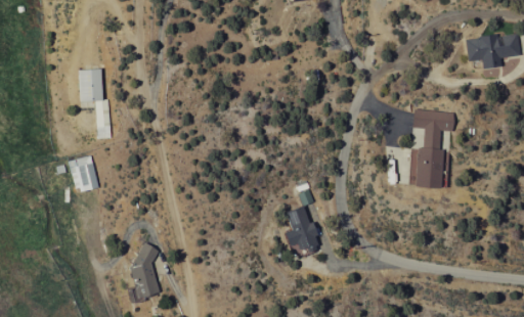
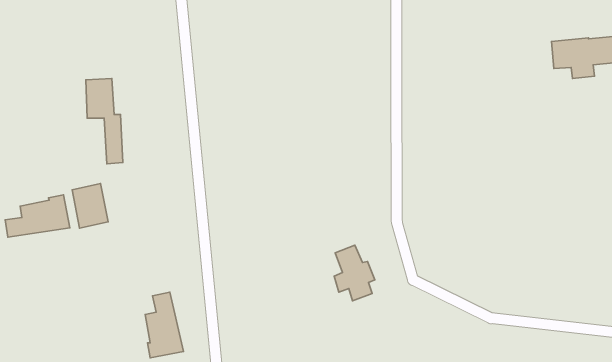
building: [412,109,454,188] -> none
building: none -> [5,195,70,237]

